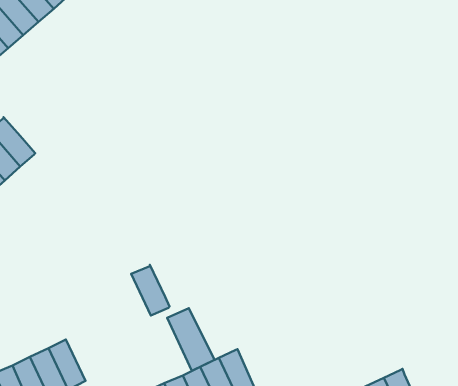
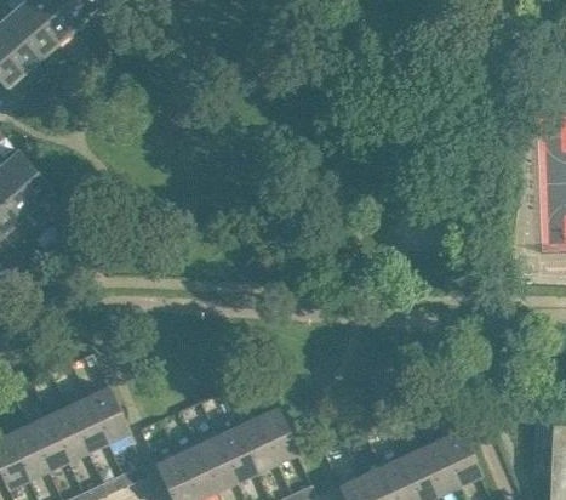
building: [131,265,170,315] -> [87,387,130,443]
building: [167,308,215,371] -> none

